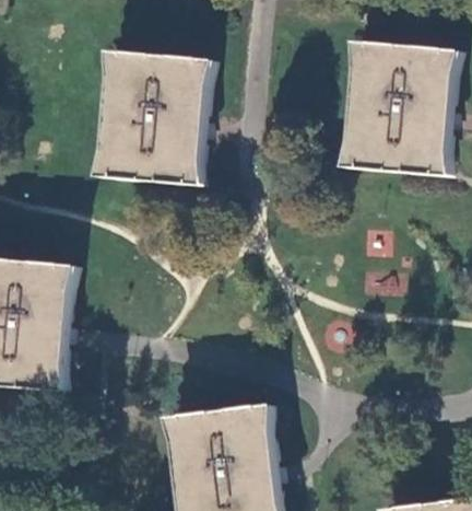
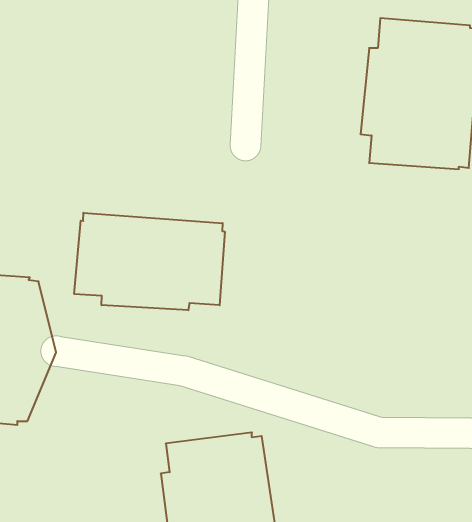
building: [99,51,201,181] -> none
building: none -> [74,213,225,310]

